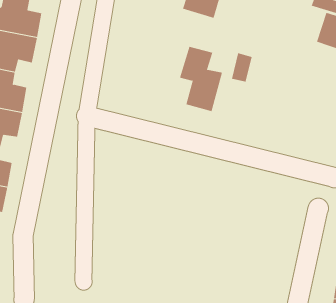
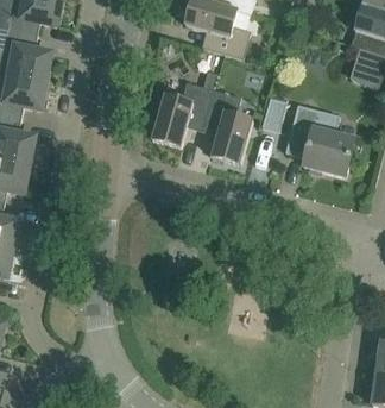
building: none -> [151,73,217,147]
building: none -> [285,105,354,177]

